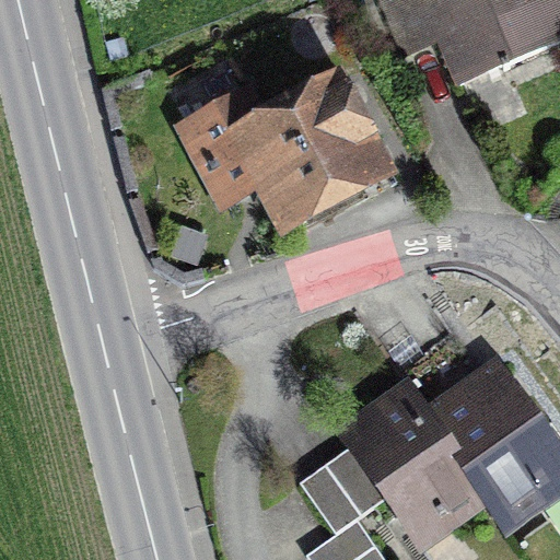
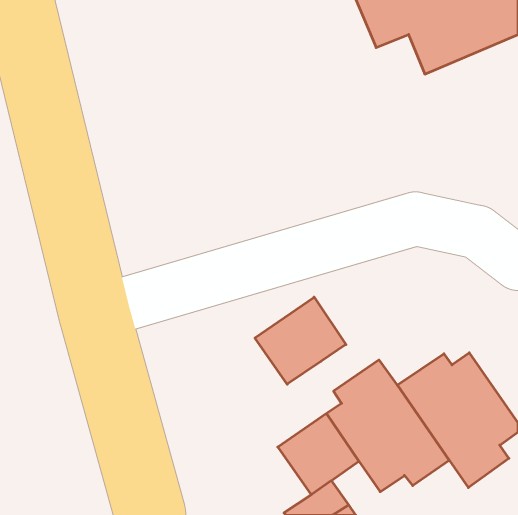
building: [187,84,372,214] -> none
building: none -> [255,297,346,384]

